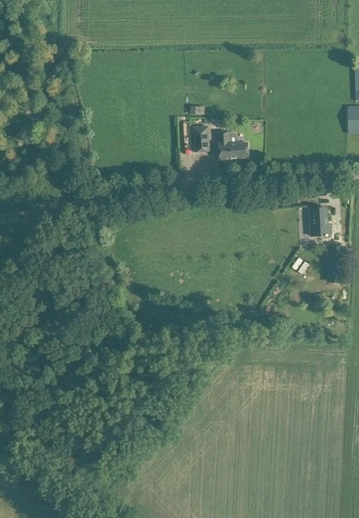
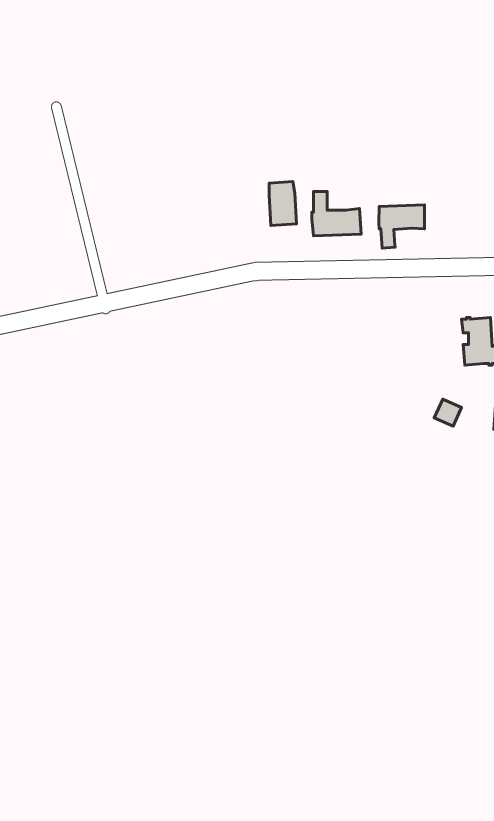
building: none -> [379,205,425,248]

